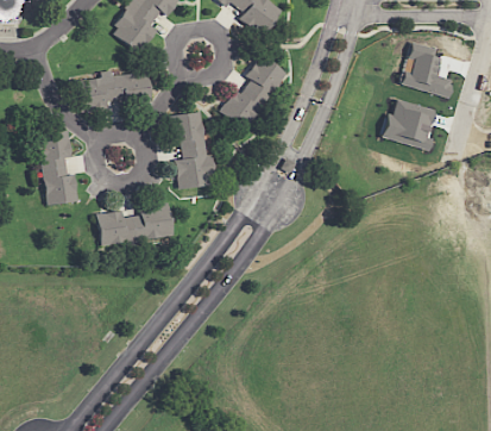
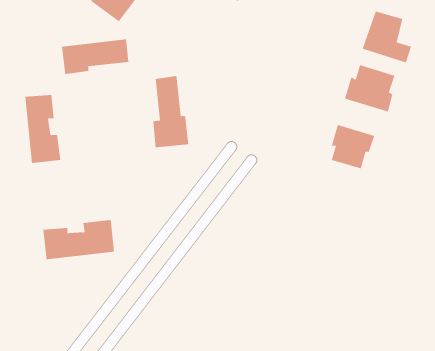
building: [219,55,287,130] -> none
building: none -> [331,124,375,169]
building: [96,202,174,245] -> [43,220,115,260]

